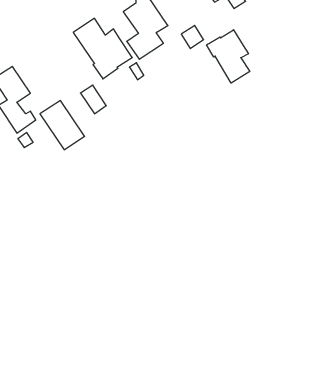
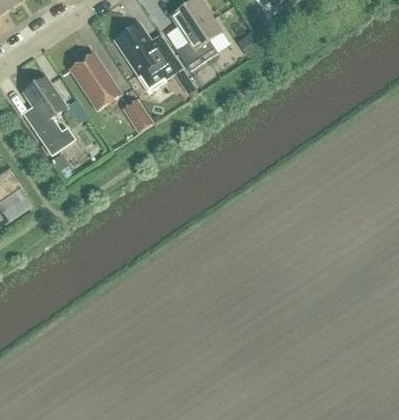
building: [207,30,250,83] -> none
building: [40,101,85,150] -> [70,54,121,109]

